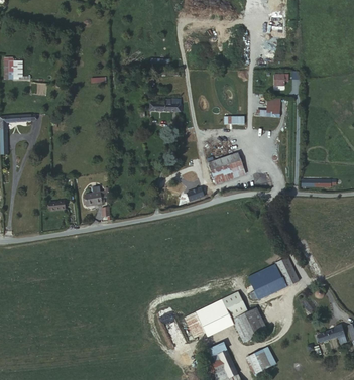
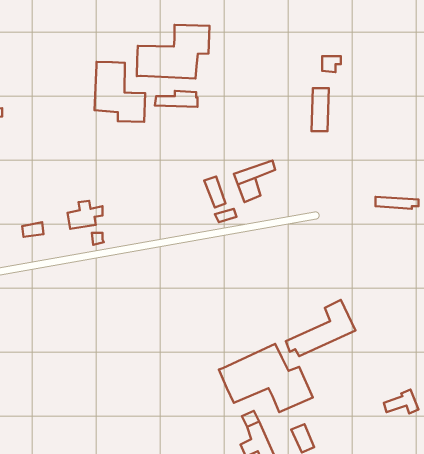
building: none -> [137,25,209,78]
building: none -> [94,62,145,122]

